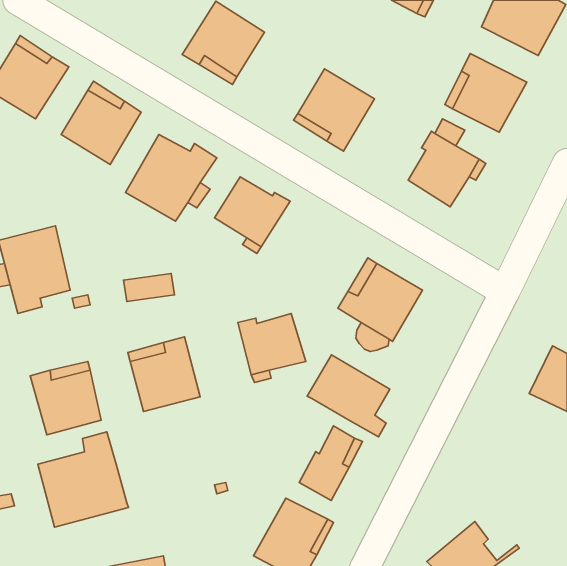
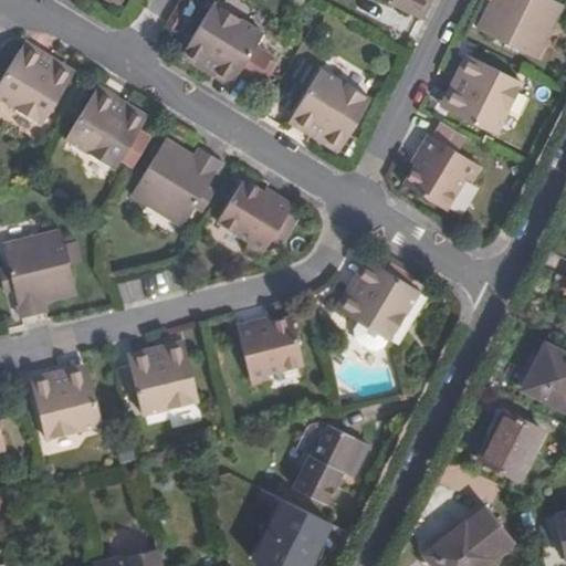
building: [307,355,390,437] -> none
building: none -> [482,413,546,483]
building: [38,432,128,527] -> none
building: none -> [472,510,514,559]

